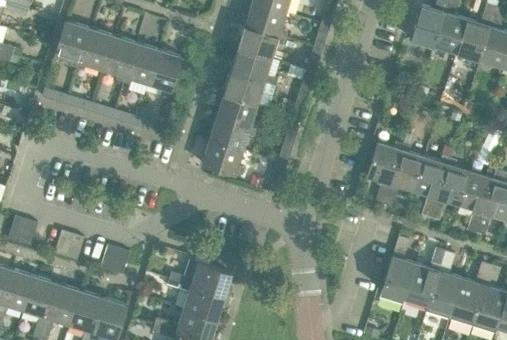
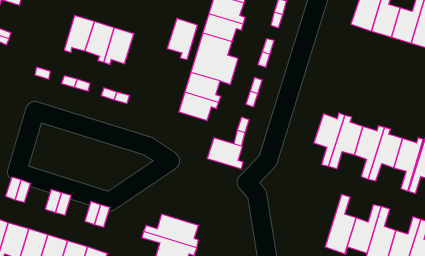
building: [55,21,88,68] -> none
building: [146,49,181,97] -> [167,18,197,60]
building: [201,140,243,176] -> [207,138,243,169]

